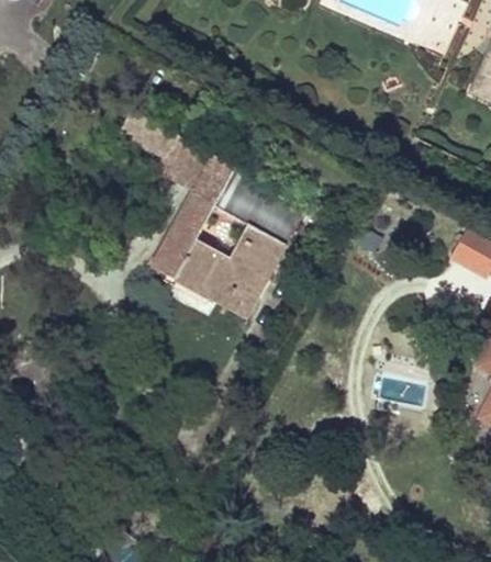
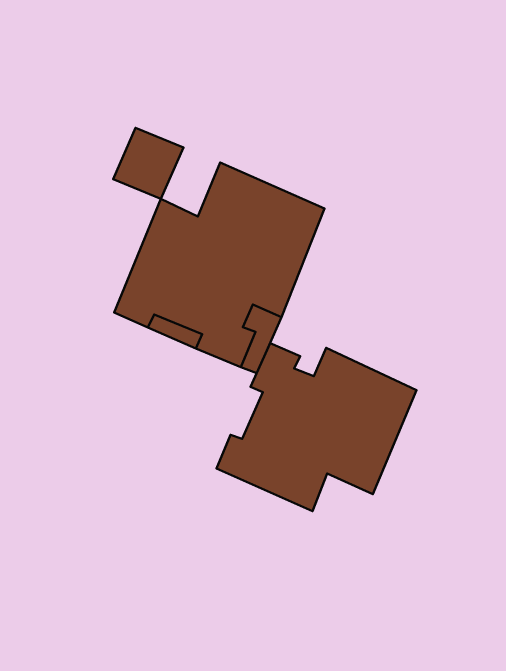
building: none -> [216,343,416,511]

